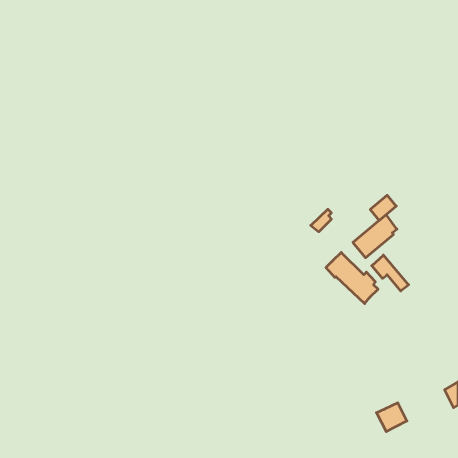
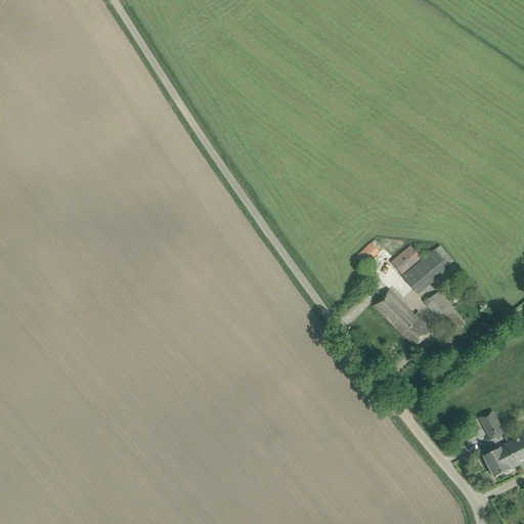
building: [370,195,396,220] -> [390,245,420,273]
building: none -> [478,410,503,439]
building: [376,403,407,432] -> [482,444,517,477]

